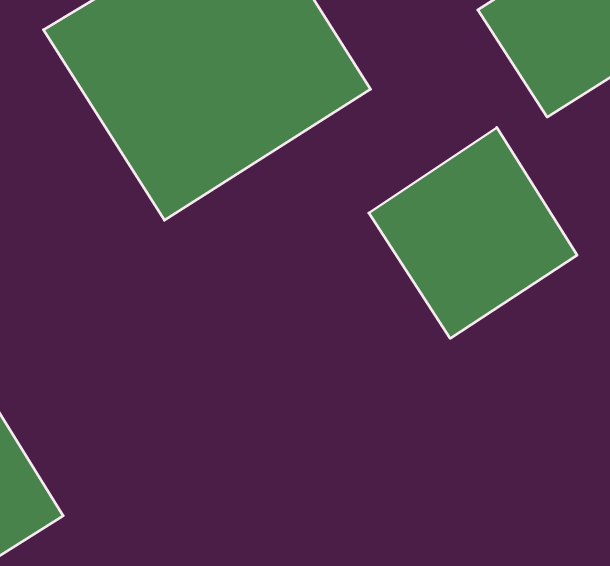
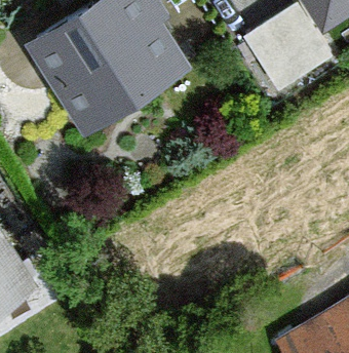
building: [369,127,577,338] -> none

